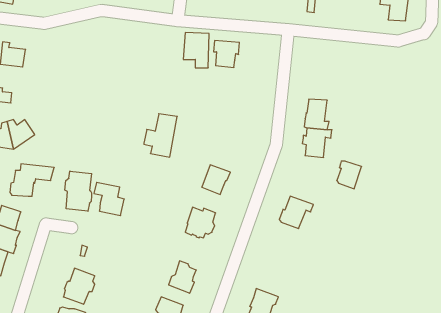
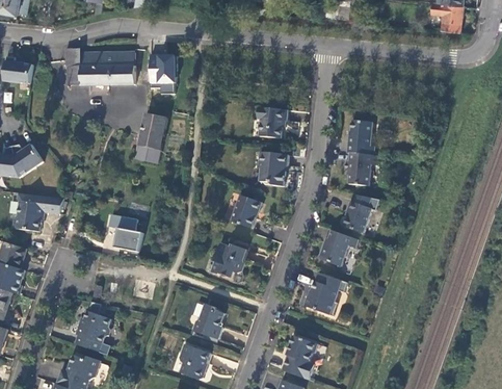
building: [183,33,209,68] -> [146,52,175,92]
building: none -> [65,48,134,84]
building: [214,41,239,67] -> [259,107,288,137]
building: [144,114,177,157] -> [129,113,166,162]
building: none -> [259,152,289,186]
building: [337,161,362,189] -> [344,202,372,233]
building: [65,171,92,211] -> none
building: none -> [305,271,343,314]

